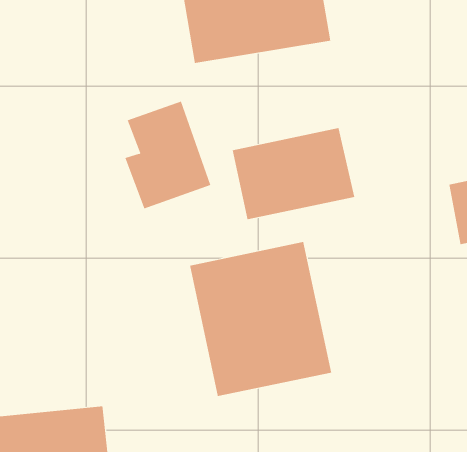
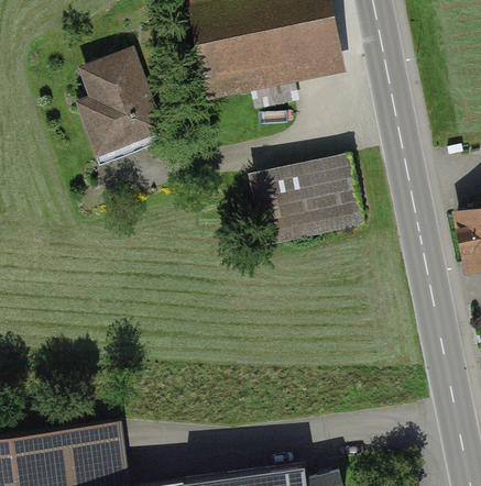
building: [125,101,211,209] -> [78,47,162,152]
building: [189,241,332,397] -> none

